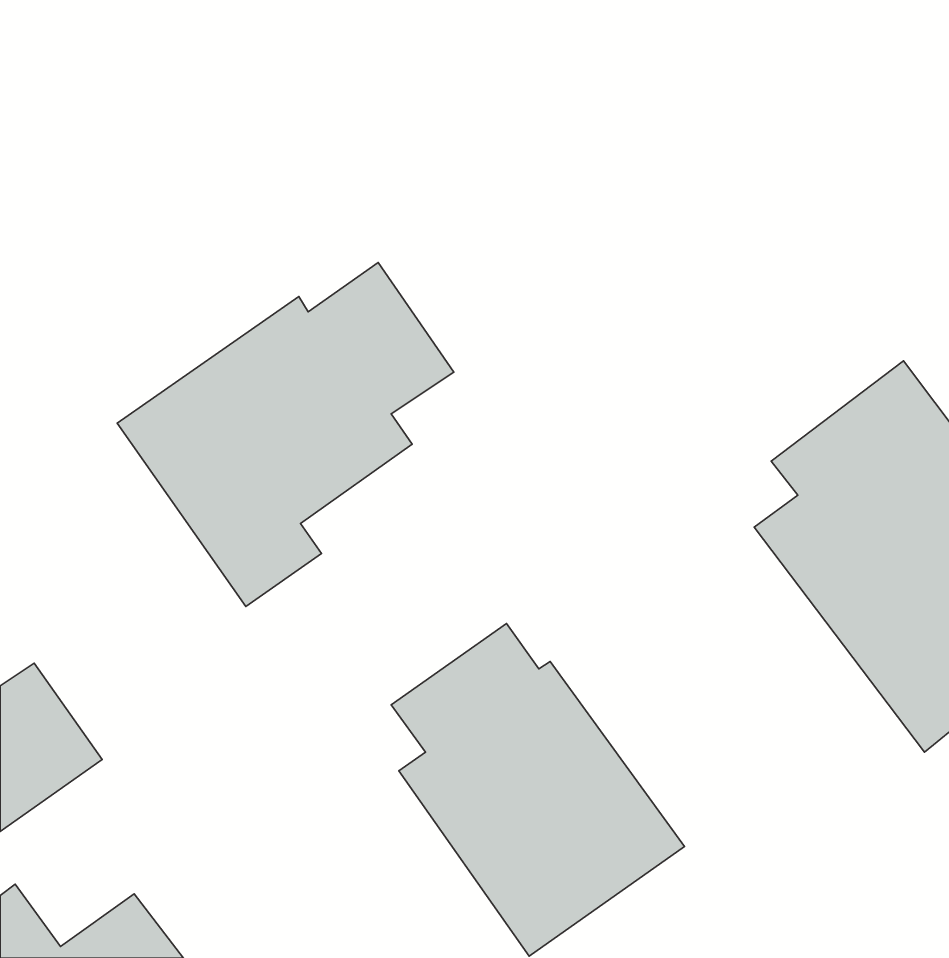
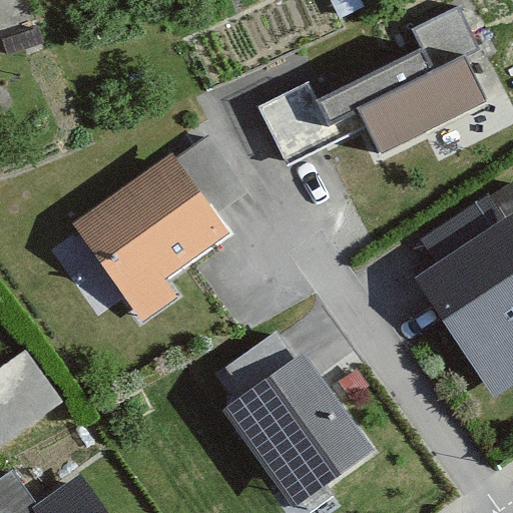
building: none -> [256,7,483,170]

